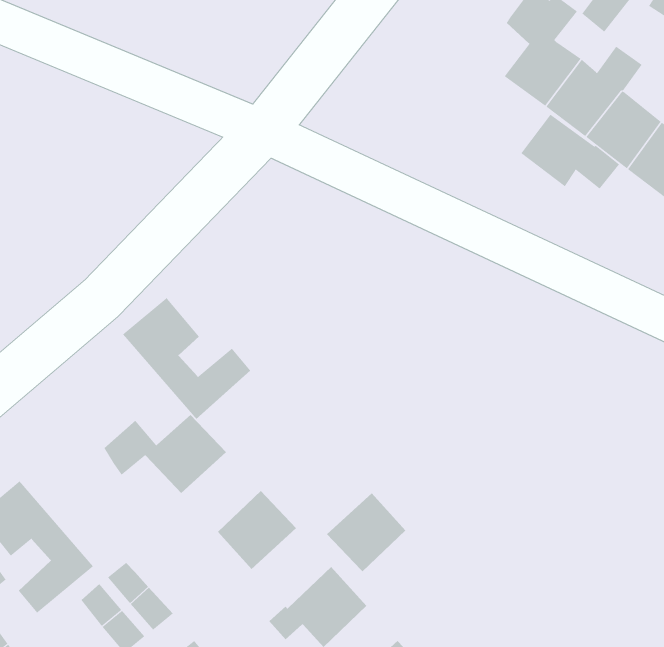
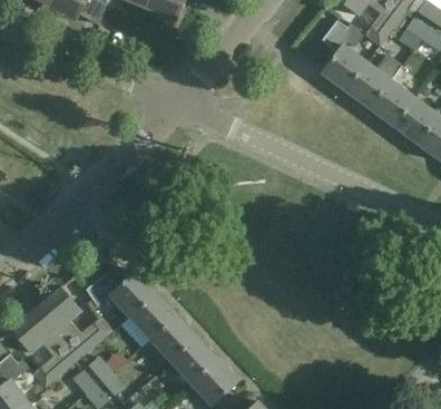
building: [520,114,620,190] -> none
building: [122,297,251,420] -> [37,286,112,359]
building: none -> [131,292,178,339]
building: [326,492,406,572] -> [173,337,219,383]

